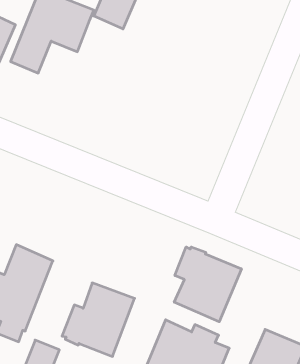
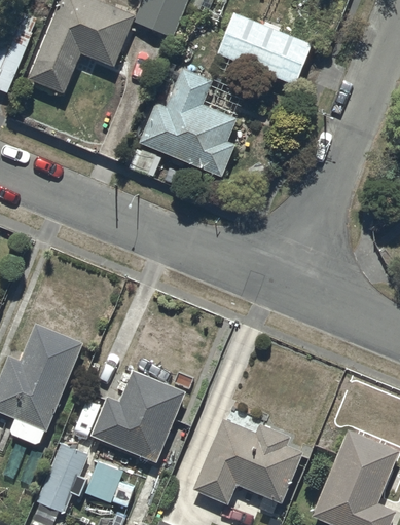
building: none -> [215,20,314,97]
building: none -> [138,77,238,187]
building: [174,247,241,322] -> none

